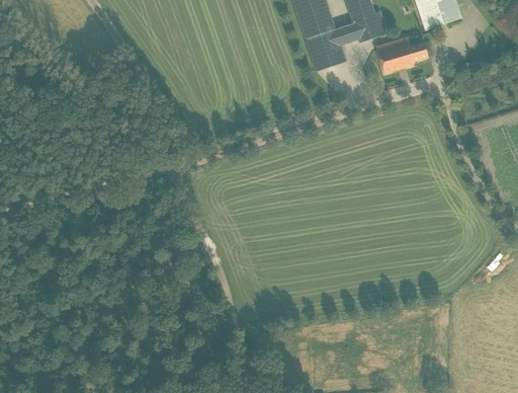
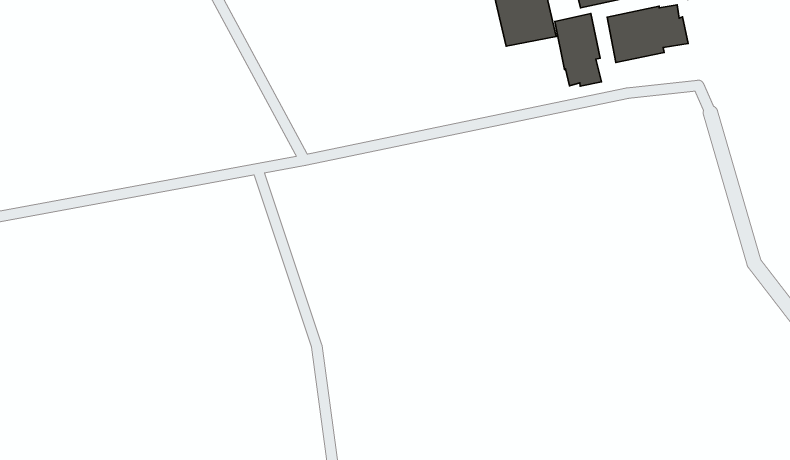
building: none -> [555,13,602,86]

